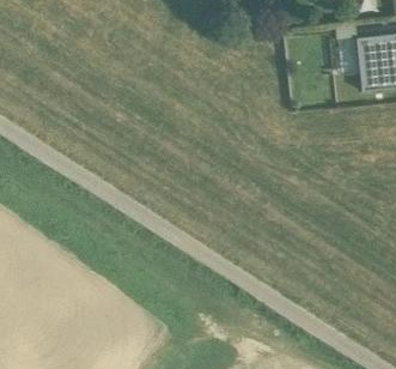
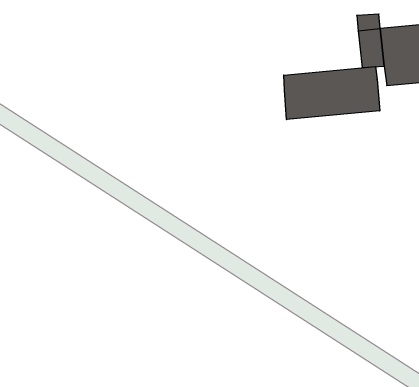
building: none -> [284,67,380,120]

